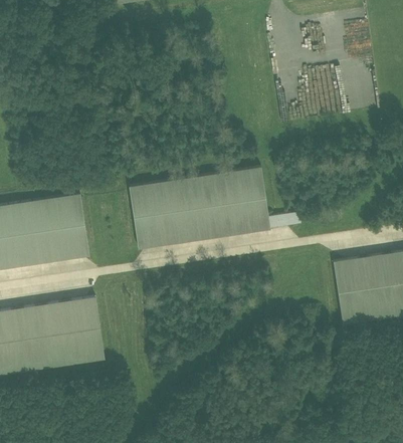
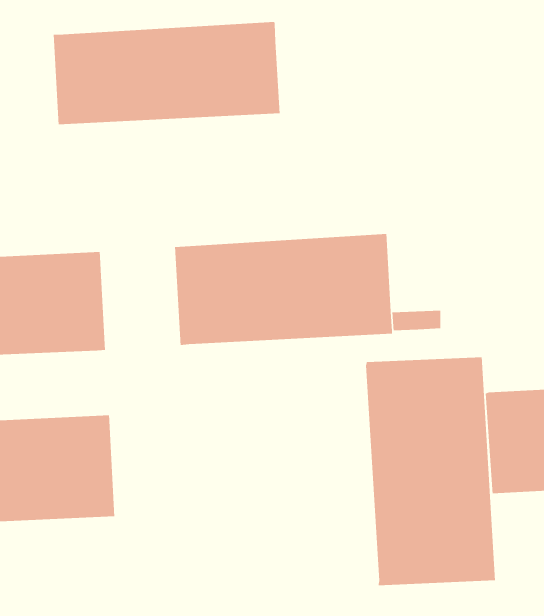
building: none -> [53,21,280,125]
building: none -> [365,356,496,586]

